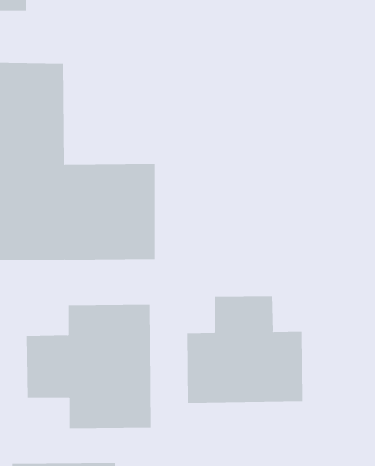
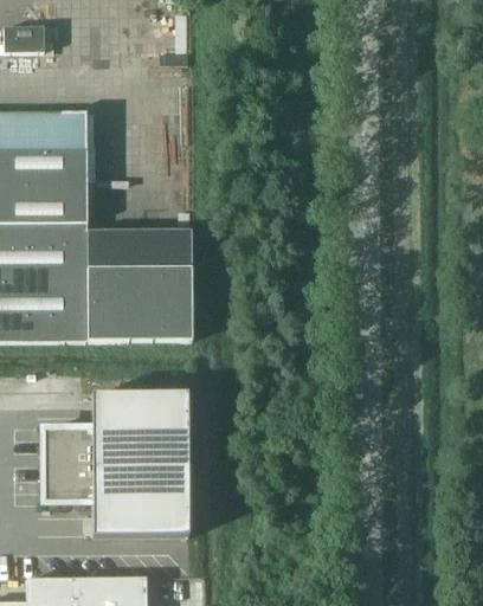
building: [187,296,303,404] -> none

